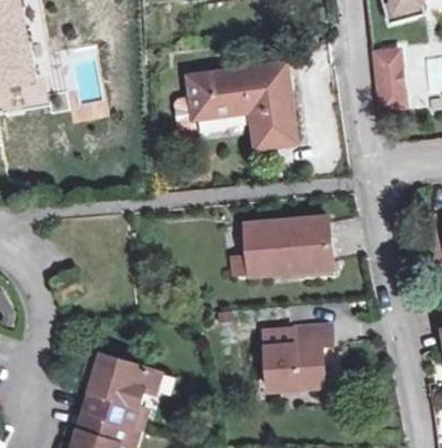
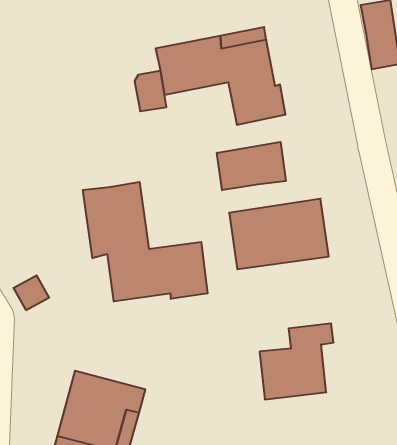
building: none -> [217,142,286,190]
building: none -> [83,182,208,302]

